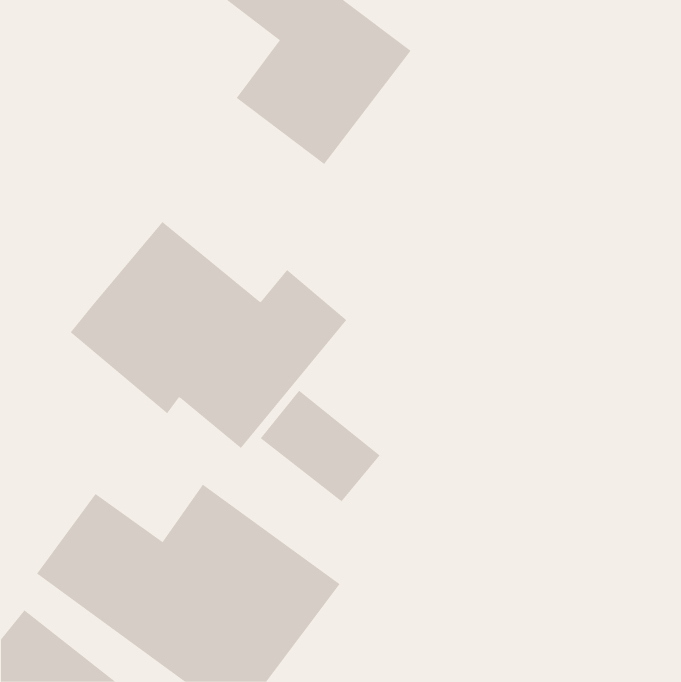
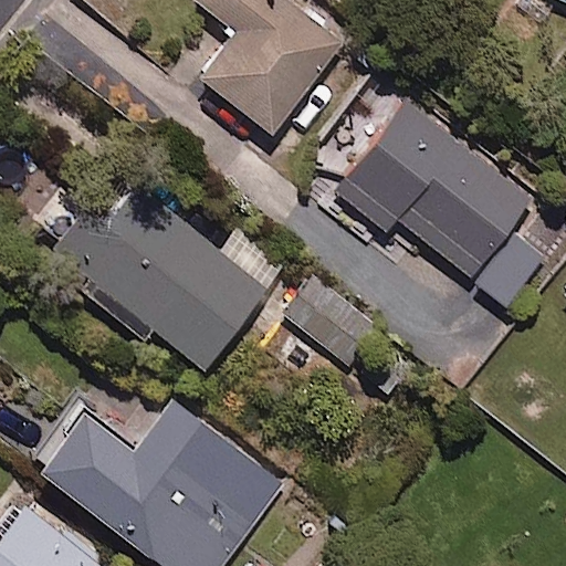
building: none -> [335,99,547,305]
building: [260,390,381,502] -> [283,273,382,366]

